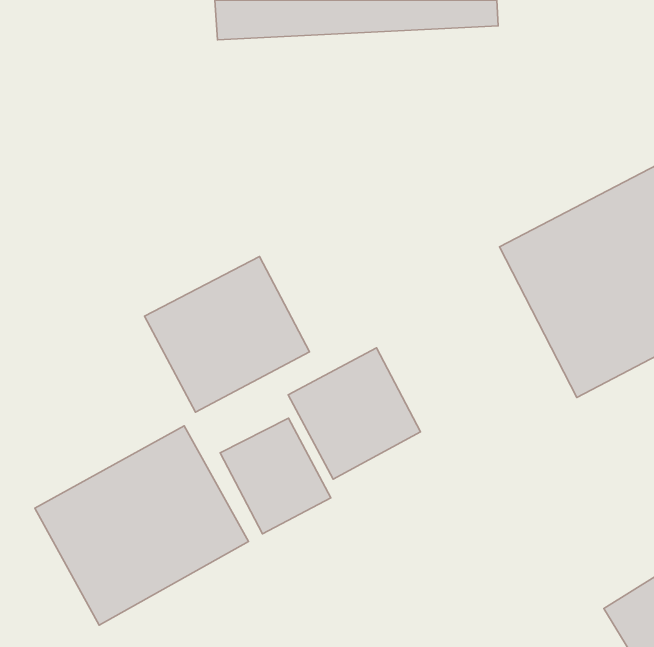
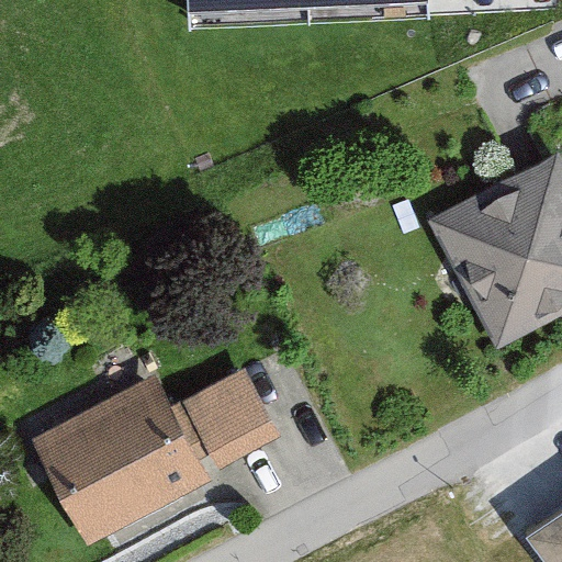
building: [144,257,310,412] -> none
building: [288,348,420,479] -> none

